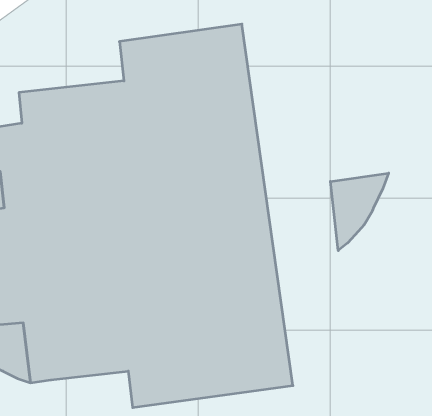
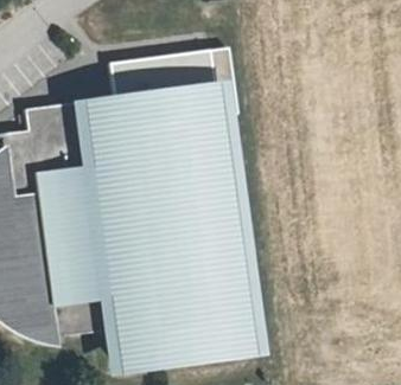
building: [330,173,389,251] -> none

